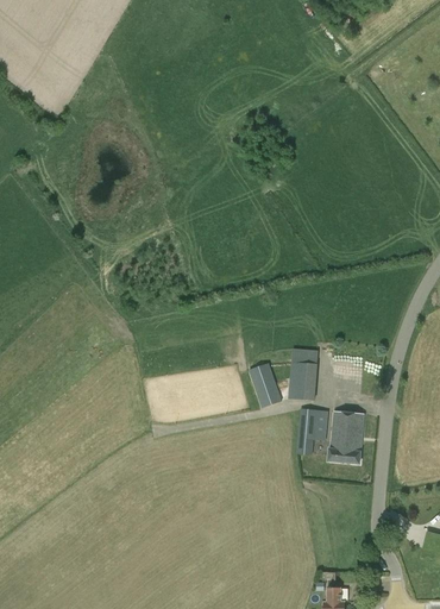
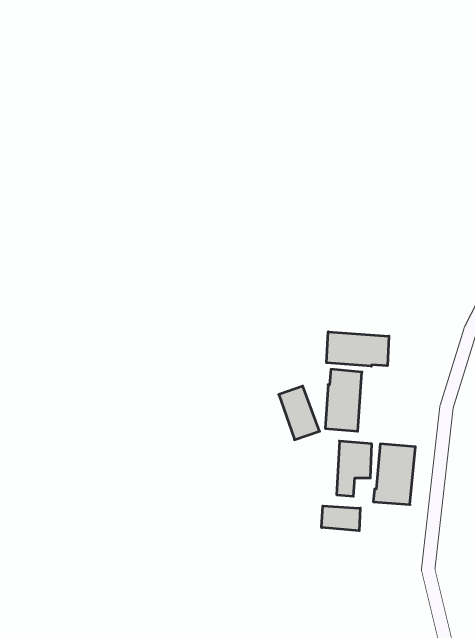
building: none -> [327,332,389,366]
building: none -> [322,506,360,531]

